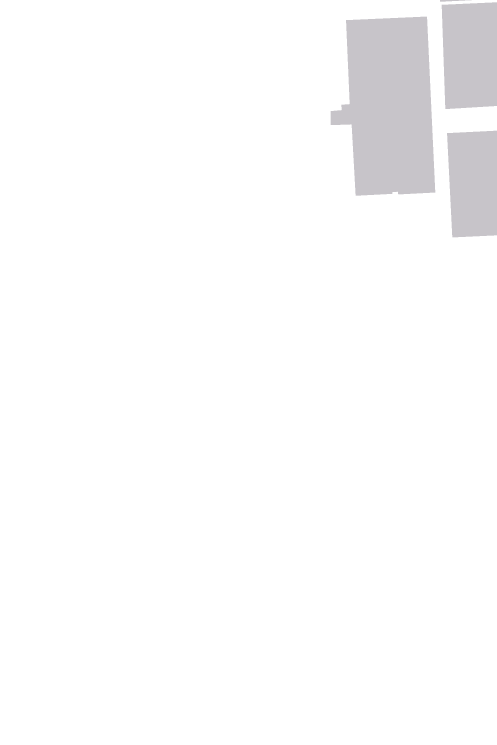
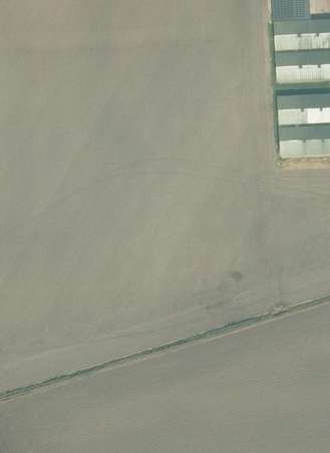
building: [330,16,436,197] -> none

